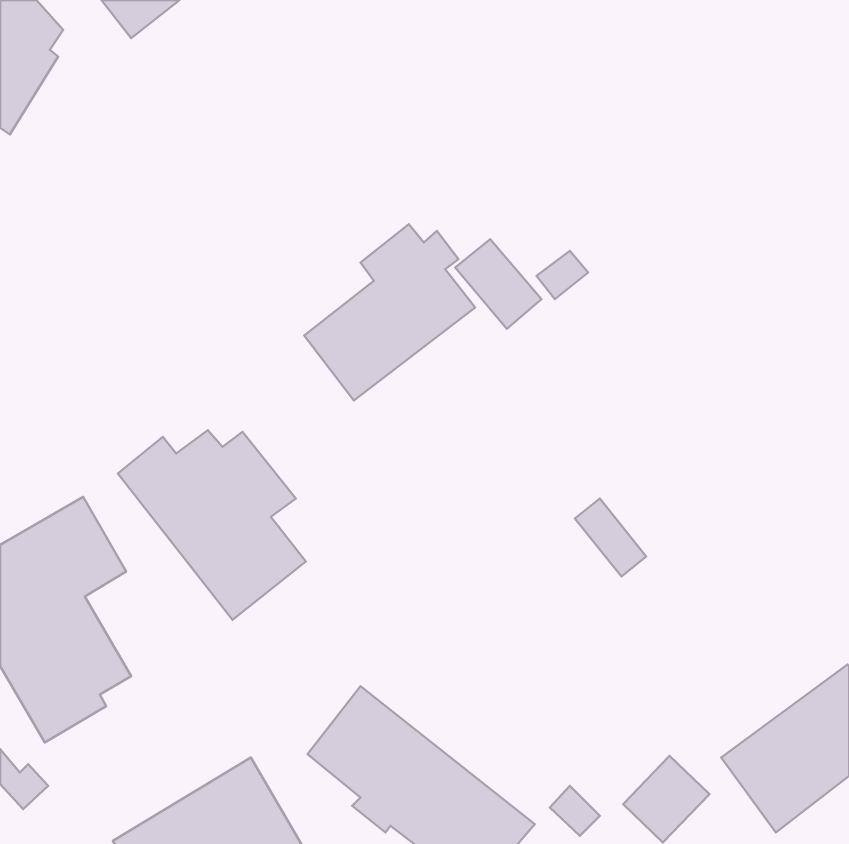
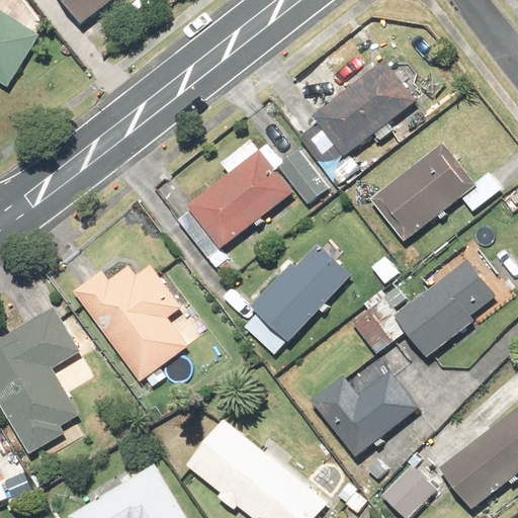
building: none -> [295,56,419,166]
building: none -> [368,142,496,242]
building: none -> [241,244,351,359]
building: none -> [396,260,487,361]
building: none -> [312,372,414,453]

